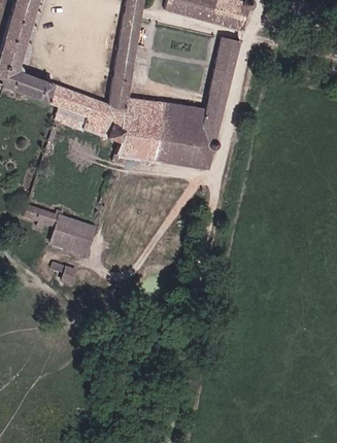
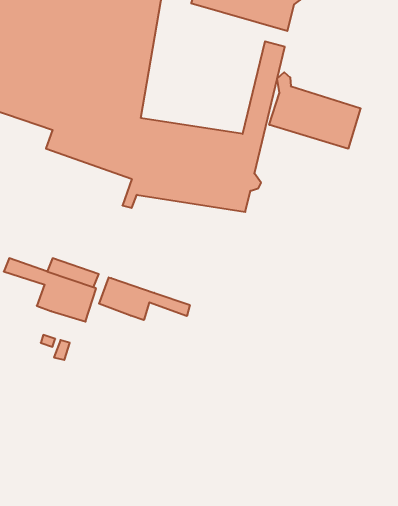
building: none -> [269,72,361,149]
building: none -> [99,277,190,320]

